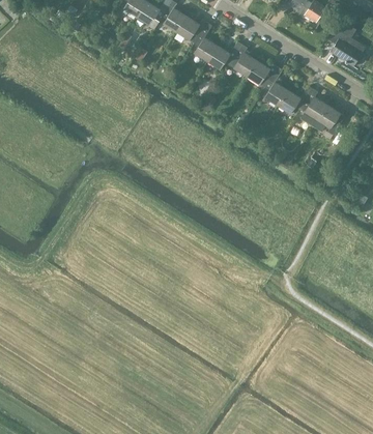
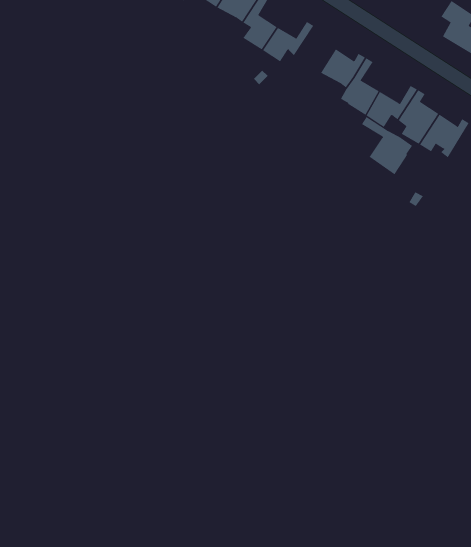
building: [229,46,257,78] -> none
building: none -> [361,116,413,175]

